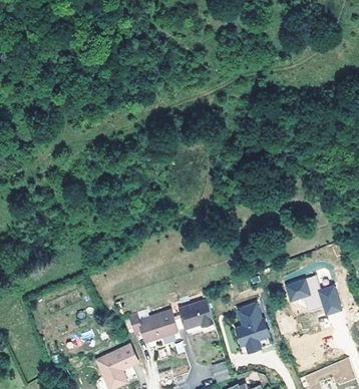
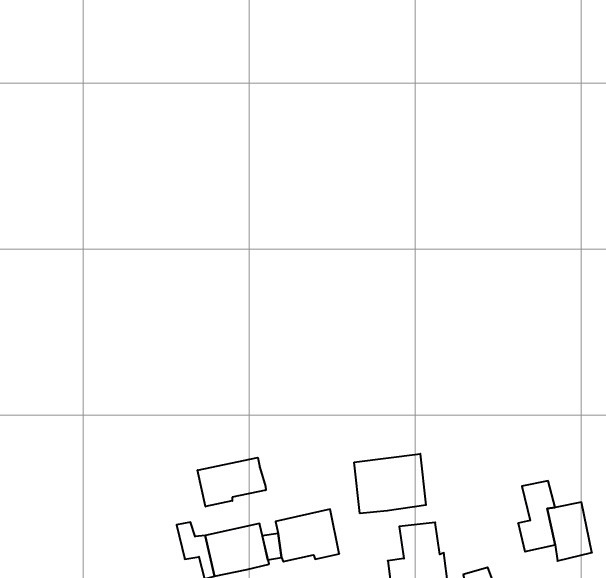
building: none -> [354,454,426,513]
building: none -> [198,458,266,507]
building: [284,281,308,305] -> none

